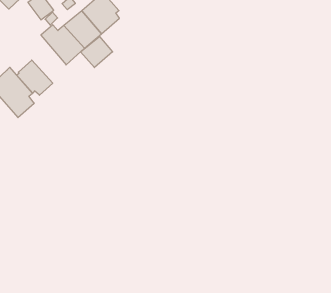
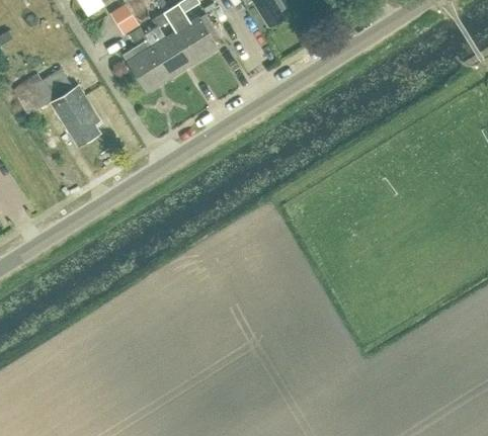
building: [80,36,113,68] -> none
building: [17,60,53,95] -> none

